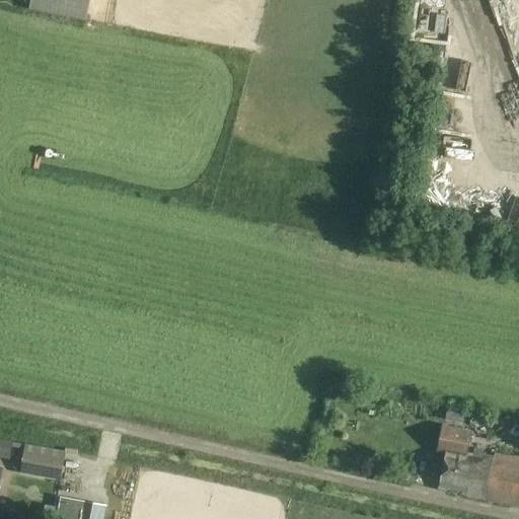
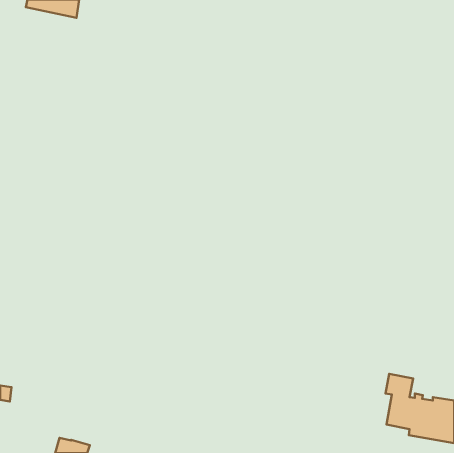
building: [15,440,60,469] -> none

